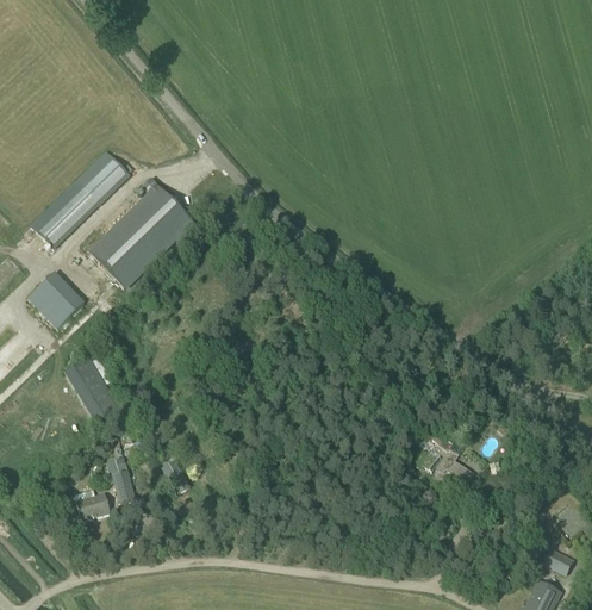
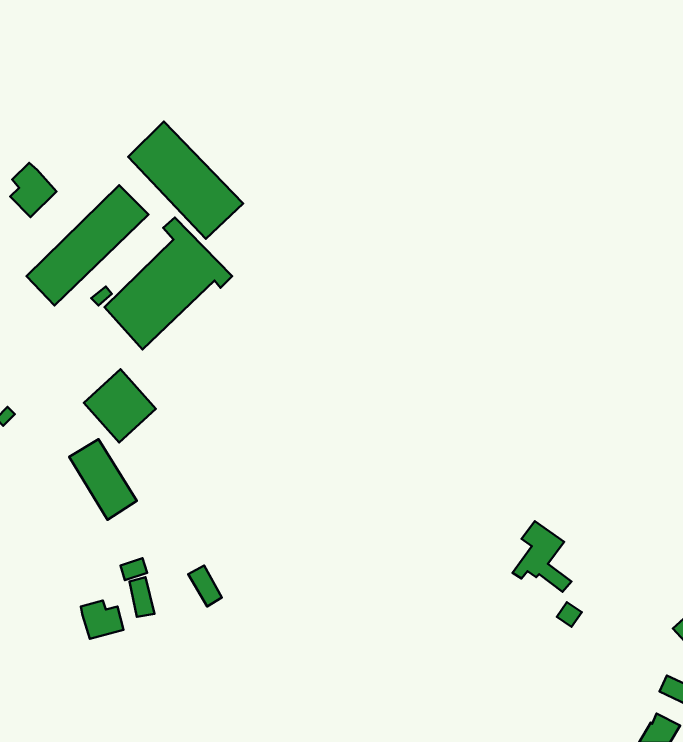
building: none -> [128,122,243,239]
building: none -> [10,163,57,217]
building: [29,270,87,330] -> [84,369,156,443]

